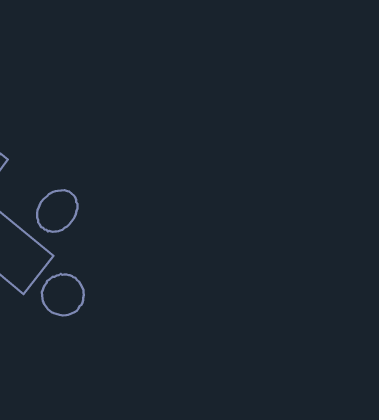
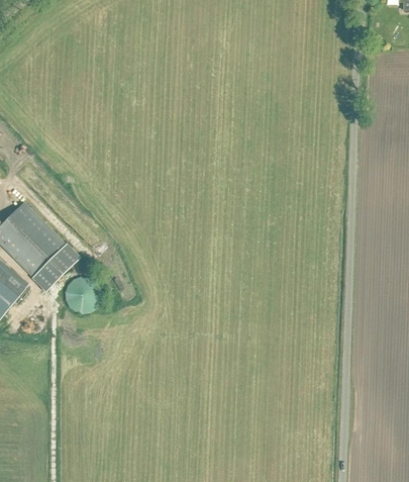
building: [37,190,78,232] -> none

